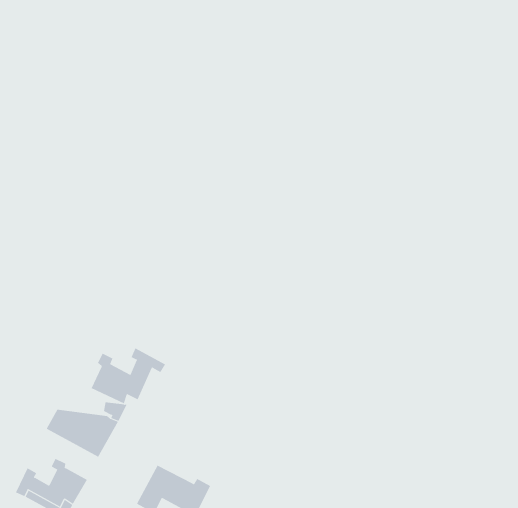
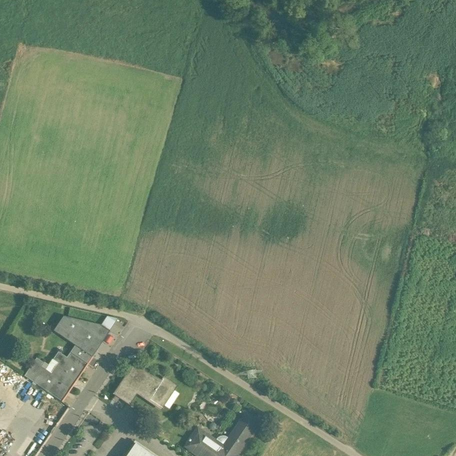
building: [91,348,166,404] -> none
building: none -> [64,345,90,372]

